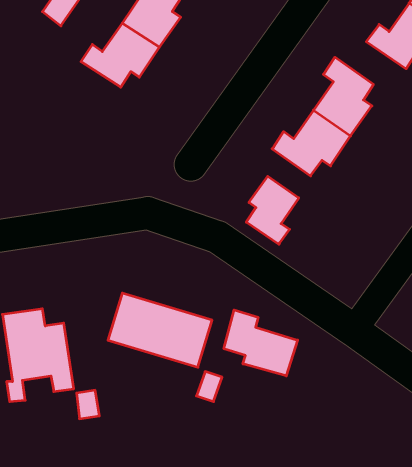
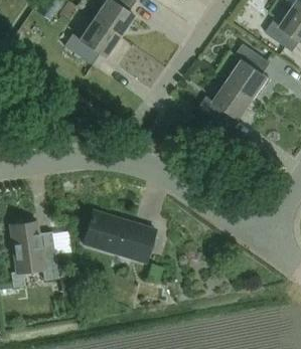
building: [246,176,299,244] -> none
building: [224,310,298,376] -> none

